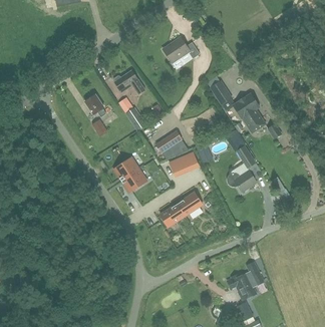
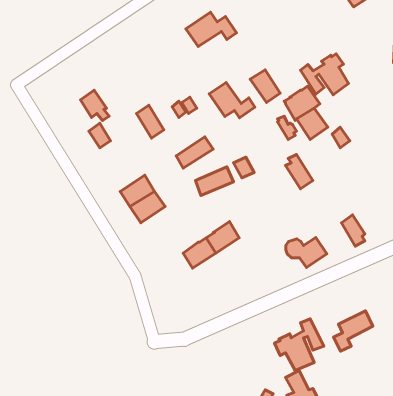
building: none -> [300,54,349,95]
building: [114,70,145,94] -> none
building: none -> [209,82,255,118]
building: [227,171,257,193] -> [286,237,327,268]
building: none -> [334,311,373,351]

